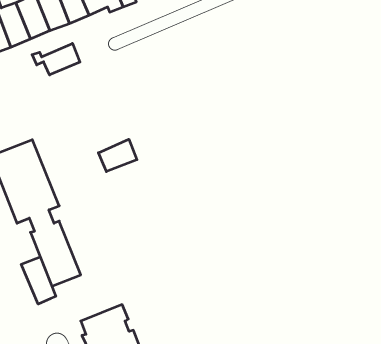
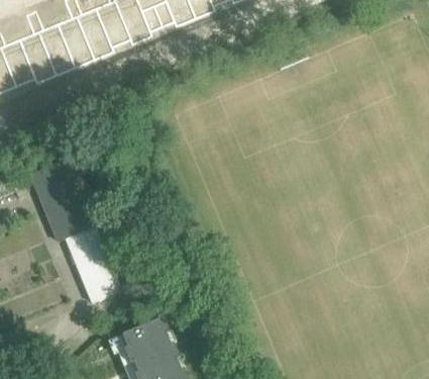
building: [32,43,80,75] -> none
building: [98,139,137,172] -> none
building: [21,257,56,304] -> none

